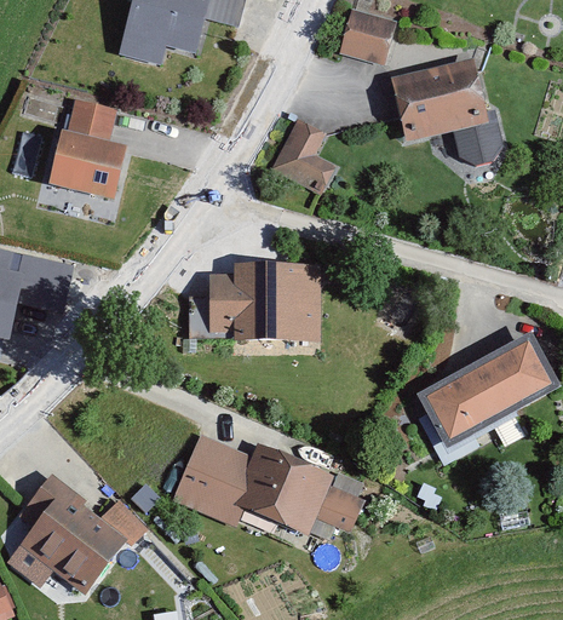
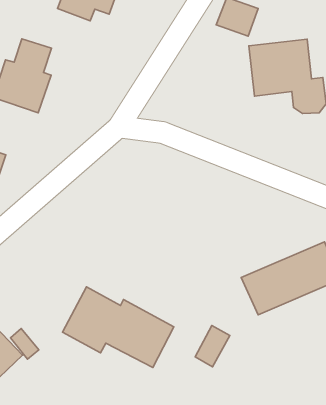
building: [282,117,337,189] -> none
building: [191,262,322,344] -> none
building: [320,471,364,528] -> [195,326,230,367]

